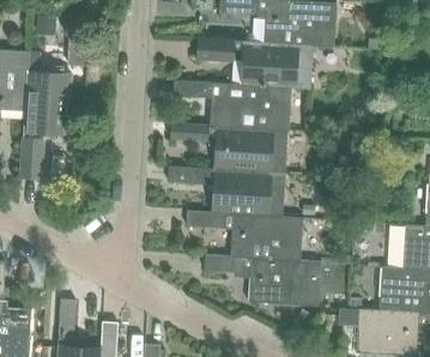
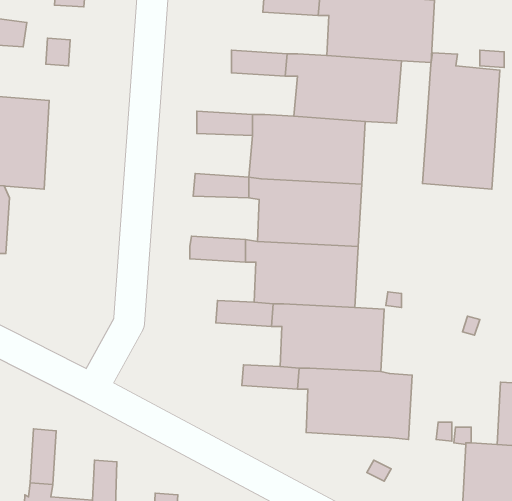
building: none -> [423,53,500,189]

